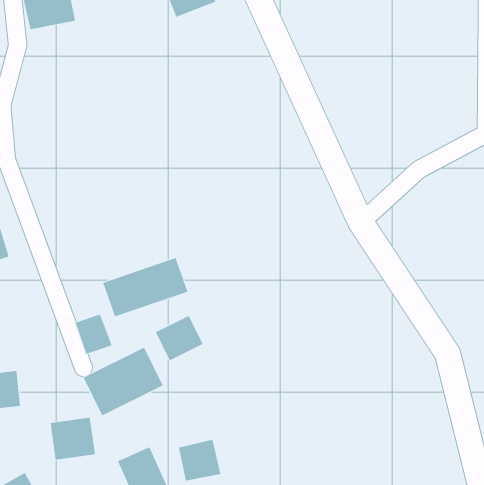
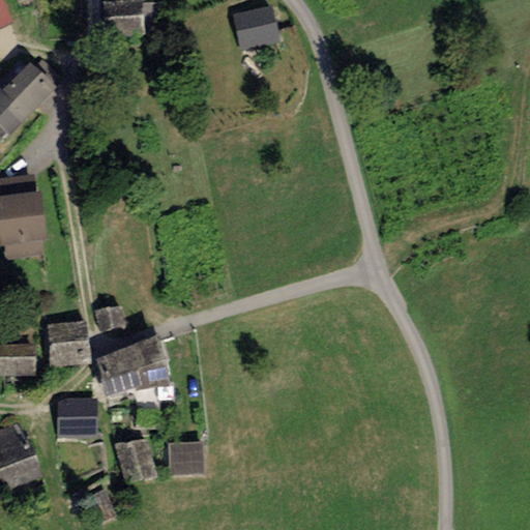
building: [102,257,188,317] -> none
building: [155,315,203,361] -> none
building: none -> [47,321,87,366]

